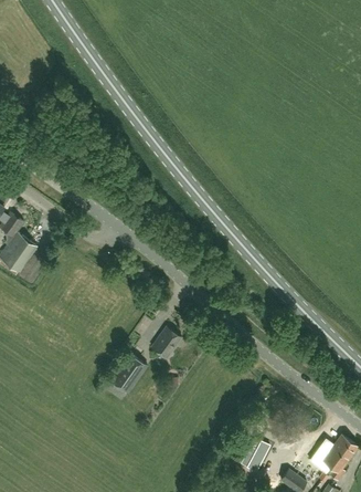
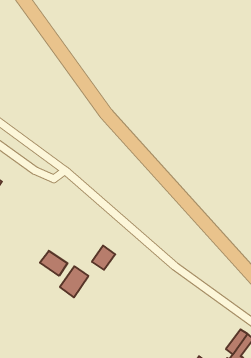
building: none -> [40,251,67,276]
building: [243,433,273,467] -> none

